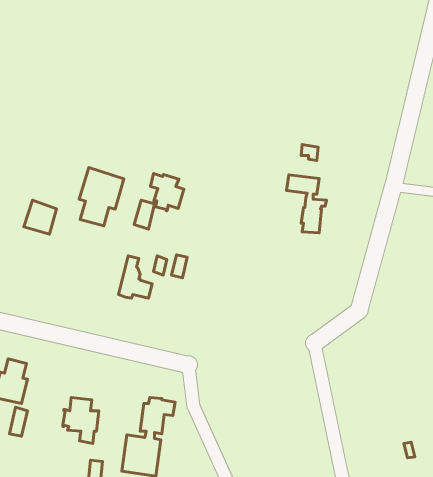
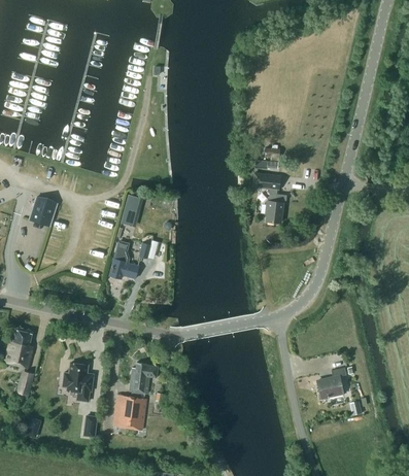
building: [79,168,124,226] -> none
building: [150,174,184,211] -> none
building: none -> [317,367,346,398]

